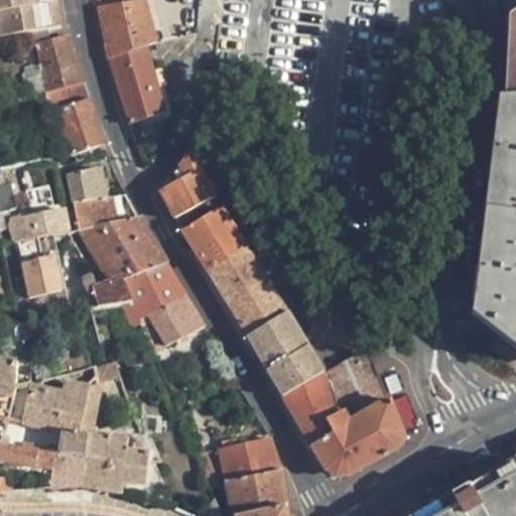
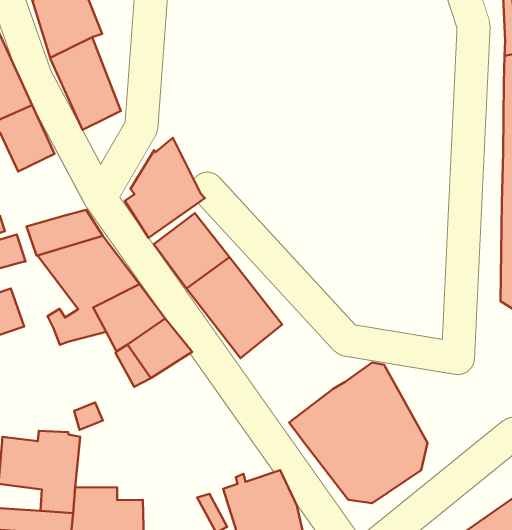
building: [67,166,107,202] -> none
building: [246,310,324,396] -> none

